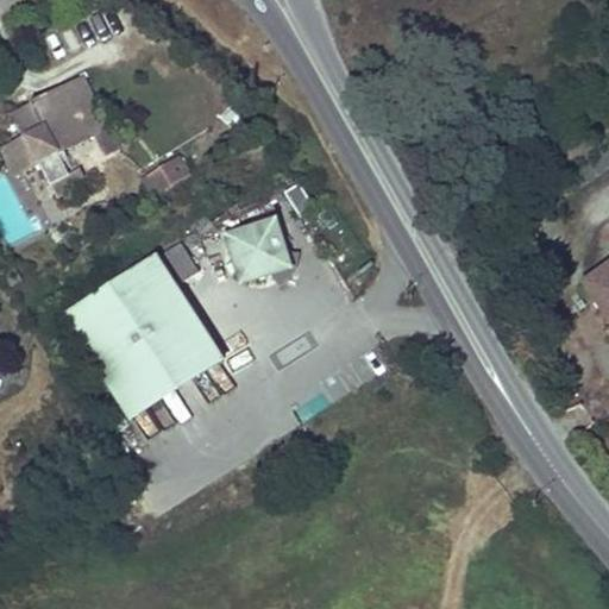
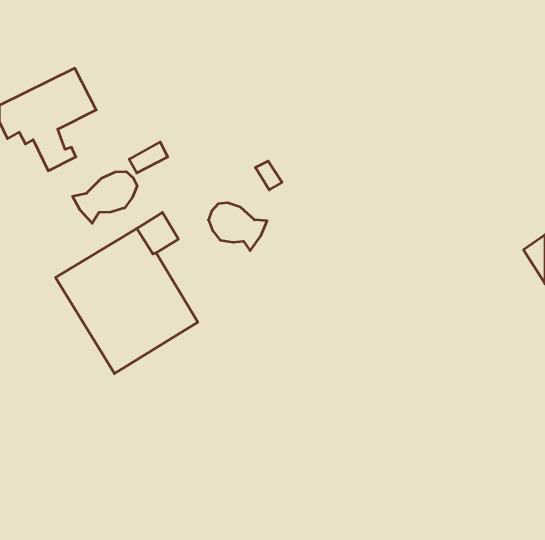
building: none -> [73,172,137,223]

